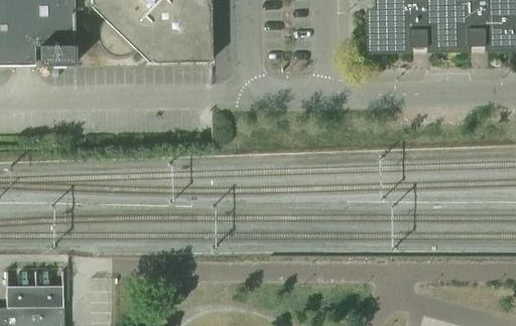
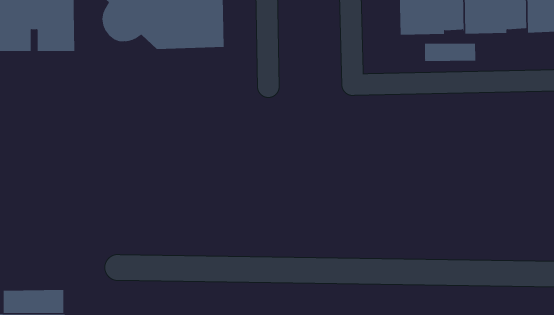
building: none -> [424,43,476,62]

